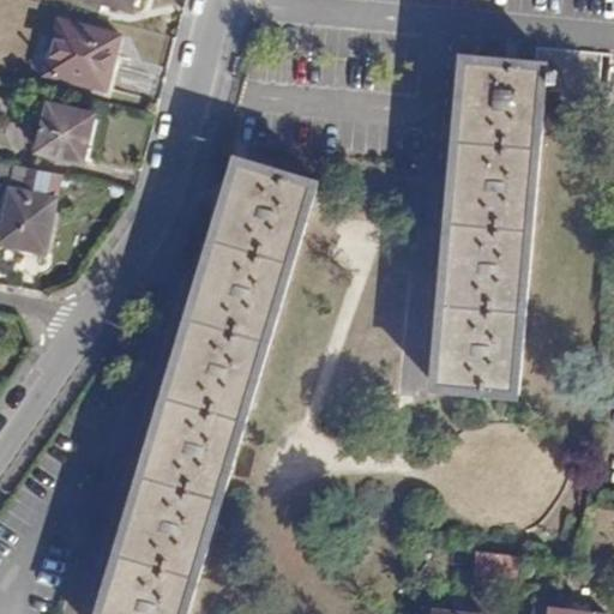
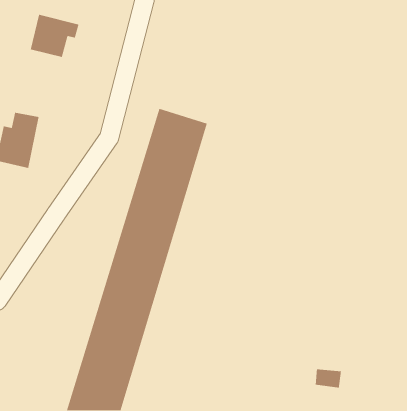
building: [433,55,546,393] -> none
building: [38,103,92,159] -> none

